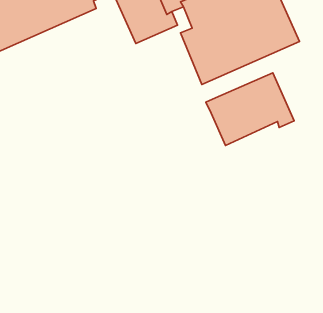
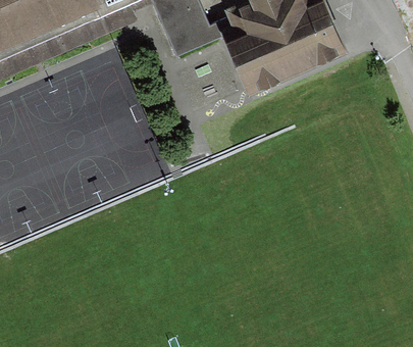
building: [206,73,294,145] -> none

